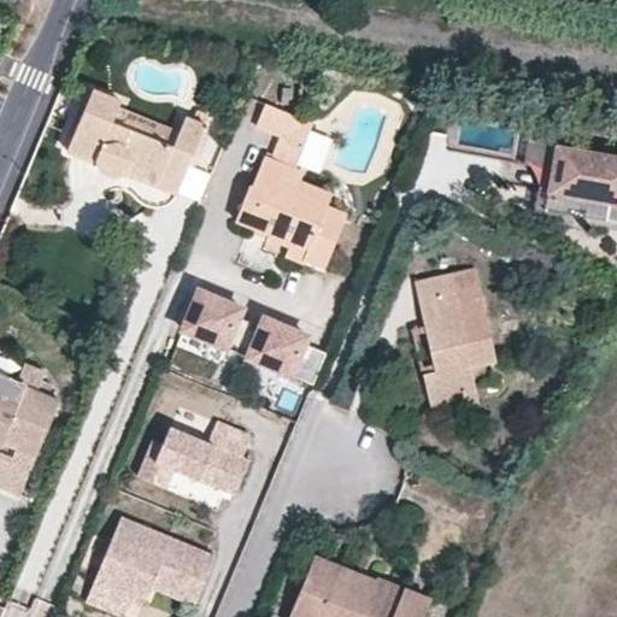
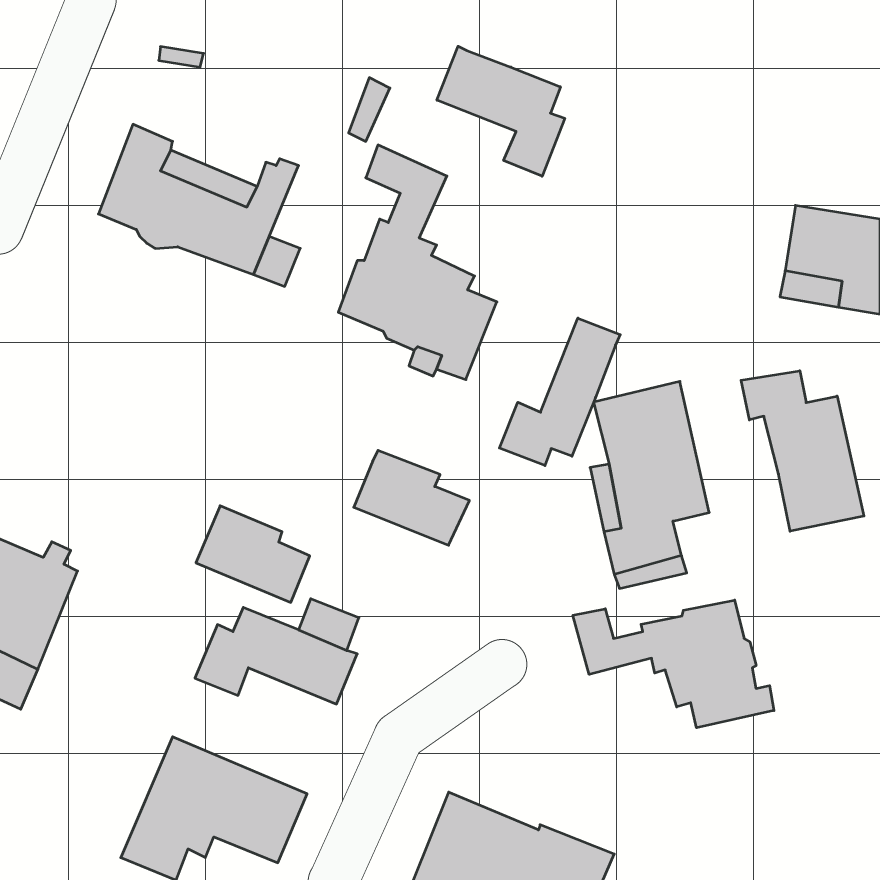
building: none -> [437,46,565,176]
building: none -> [499,318,620,466]
building: none -> [741,371,864,531]
building: [181,288,260,355] -> [196,506,310,602]
building: none -> [573,600,774,728]

